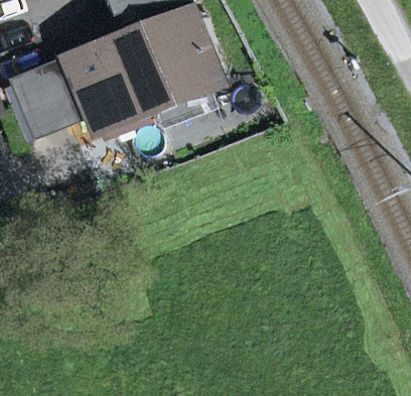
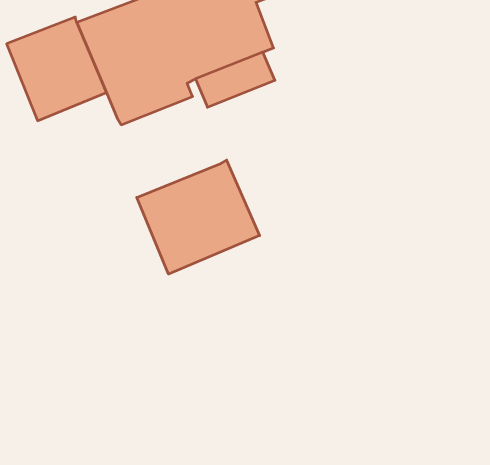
building: none -> [137,160,260,274]

